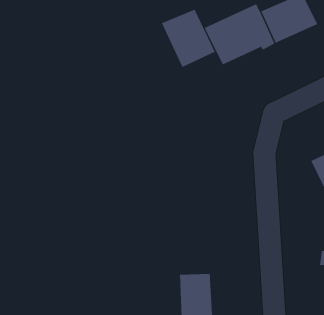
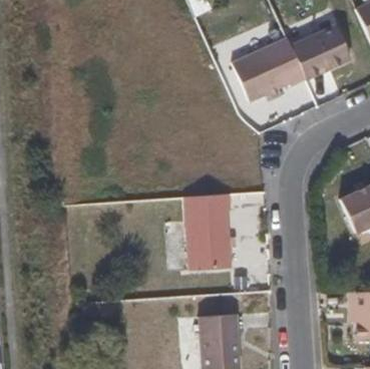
building: [161,9,215,68] -> none
building: none -> [184,193,232,270]

